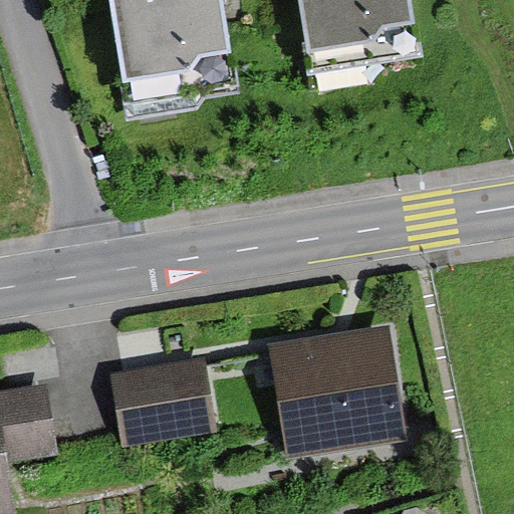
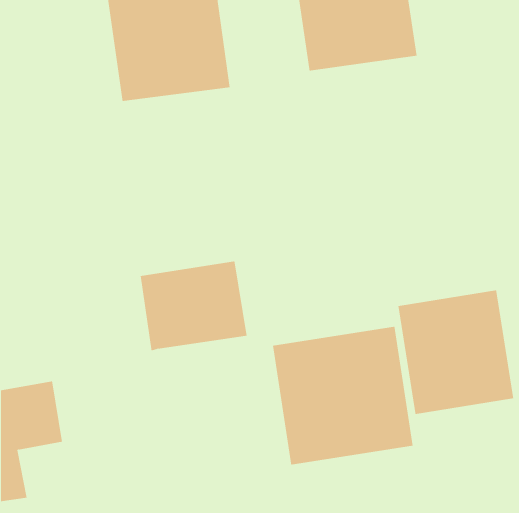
building: none -> [398,289,514,415]
building: [111,355,218,445] -> [140,261,247,351]

